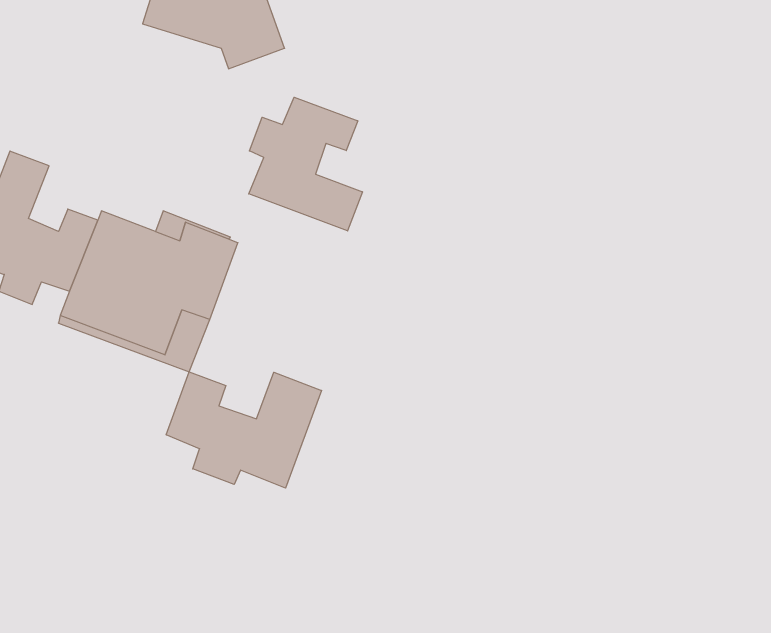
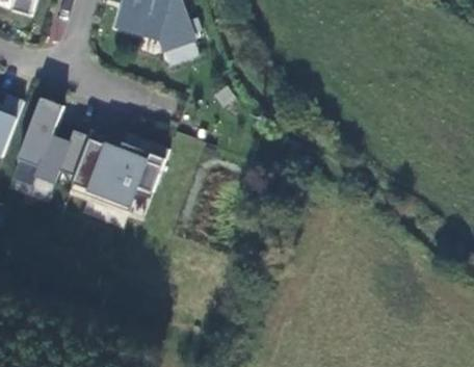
building: [249,97,362,231] -> none
building: [166,372,322,488] -> none

